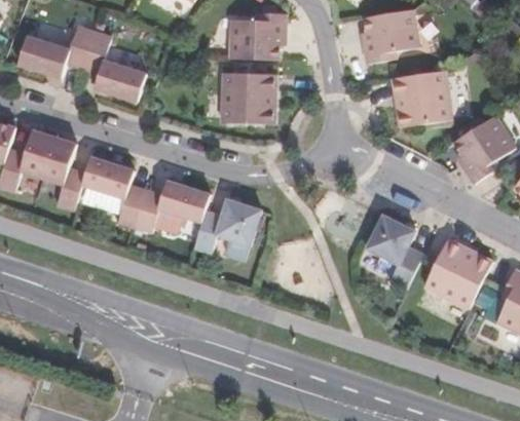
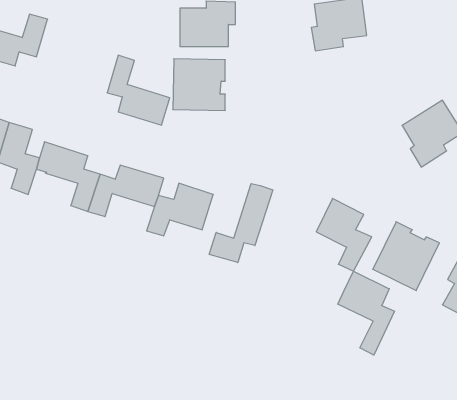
building: [82,32,146,103] -> [107,55,170,125]
building: [391,70,451,126] -> none
building: none -> [209,184,273,263]
building: none -> [338,271,395,355]

